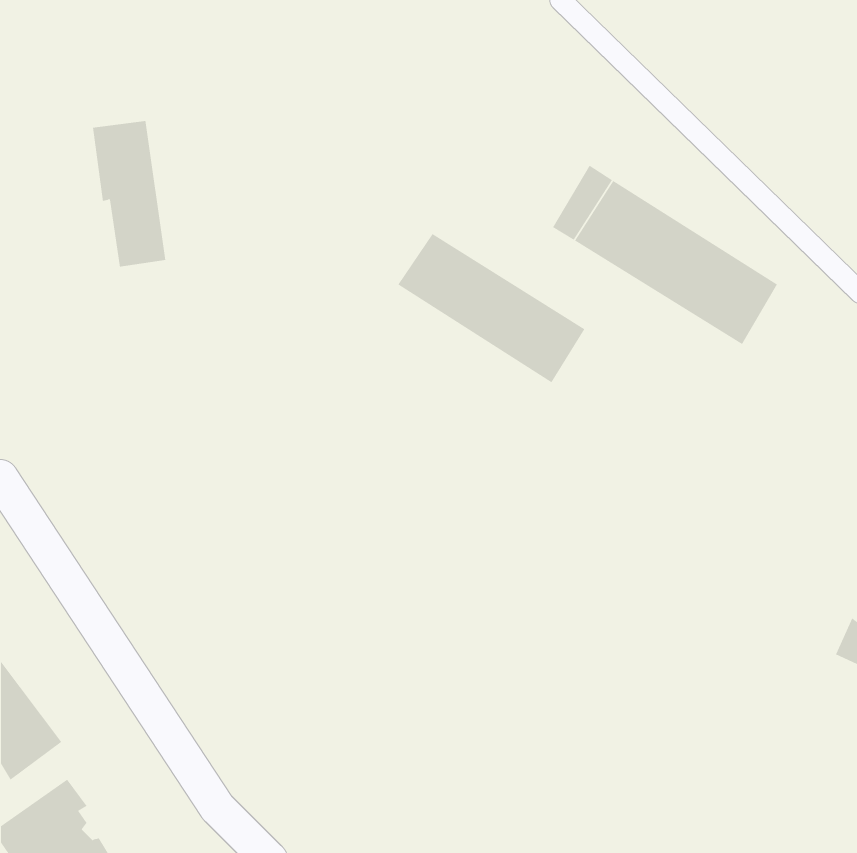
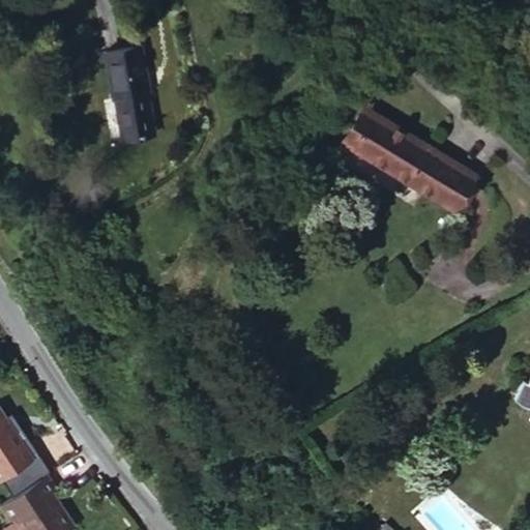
building: [92,121,166,267] -> [107,49,152,139]
building: [397,233,585,383] -> none

